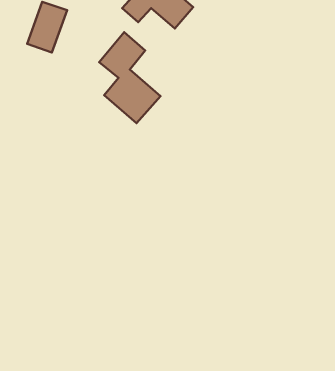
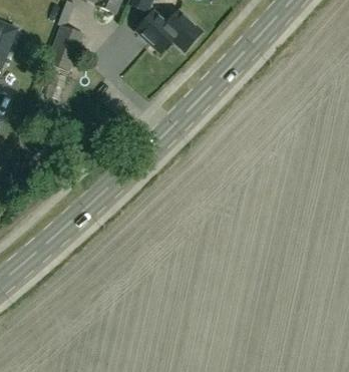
building: [99,32,161,123] -> none

